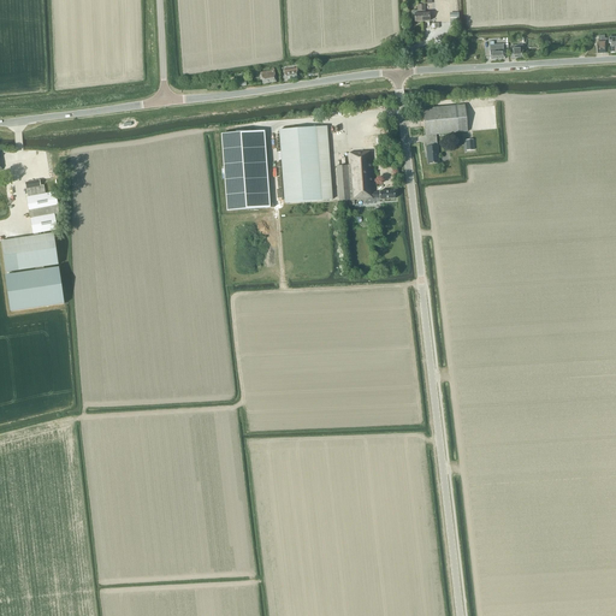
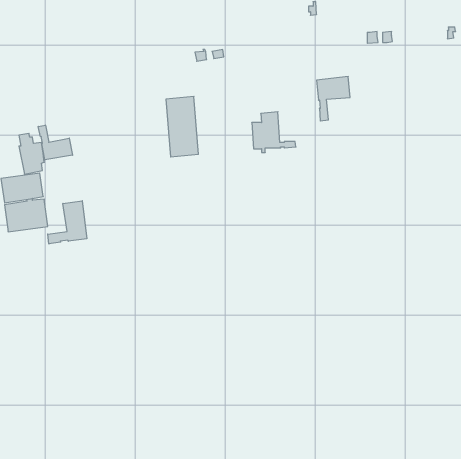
building: [279,125,332,201] -> none
building: none -> [38,125,73,160]
building: none -> [48,201,87,244]

